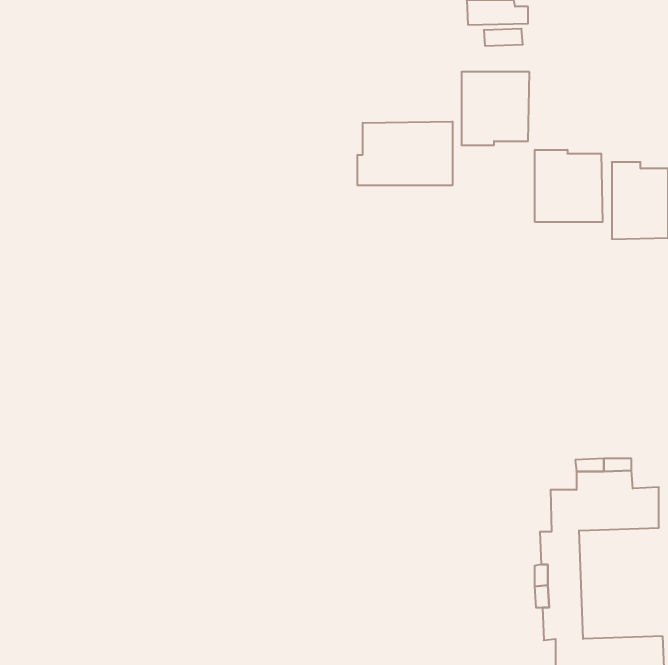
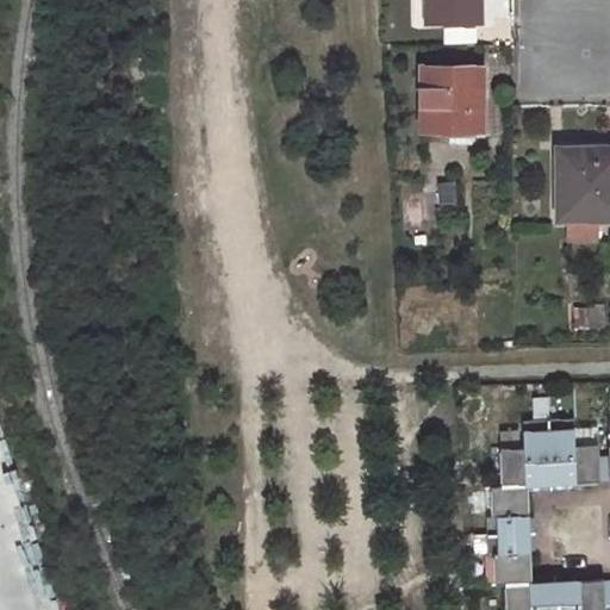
building: [358,121,452,185] -> none
building: [535,150,603,222] -> none

